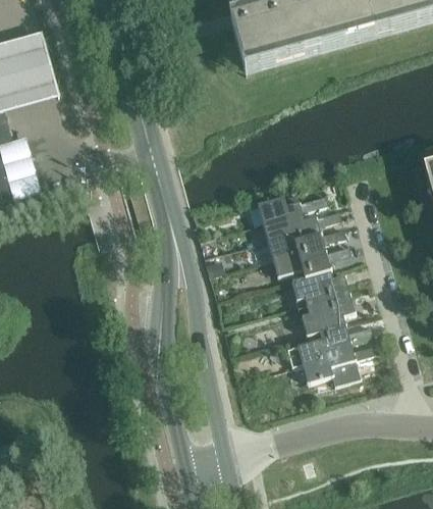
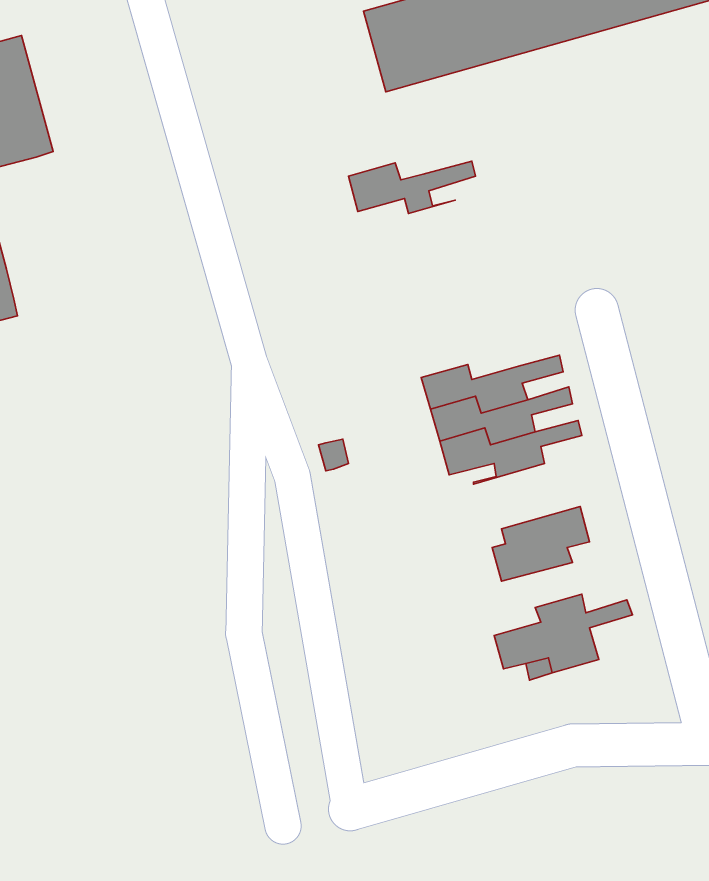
building: [257,195,326,223] -> [349,161,476,213]
building: [290,269,348,305] -> none
building: [285,323,372,366] -> none

